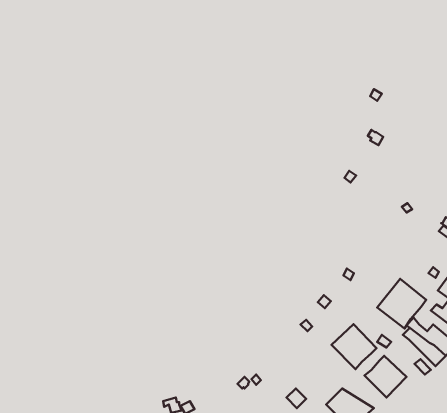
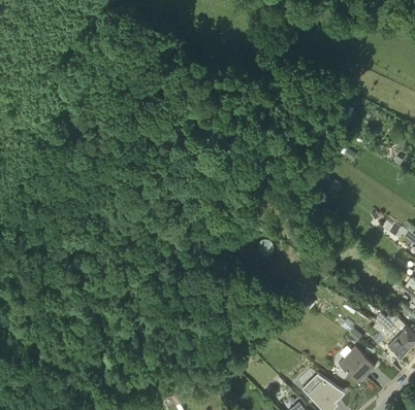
building: [377,279,426,328] -> none
building: [331,324,377,369] -> none

